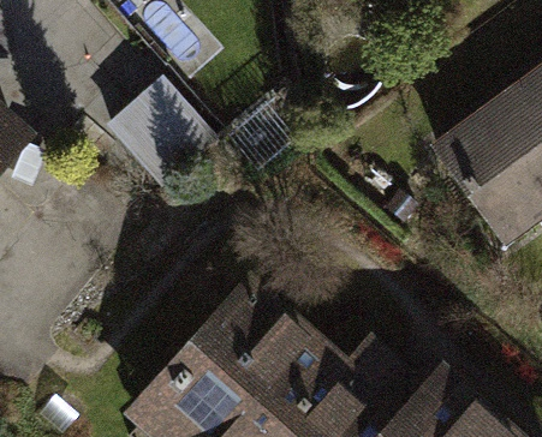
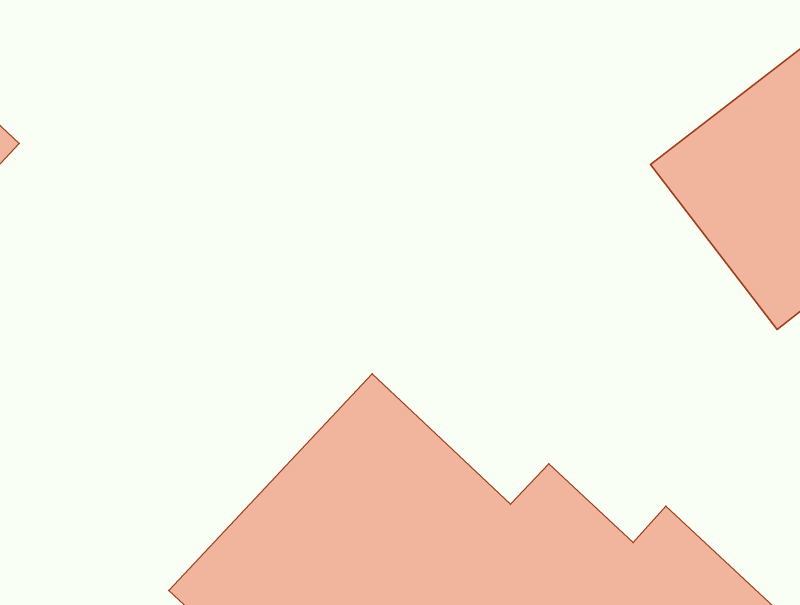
building: [113,79,210,176] -> none

